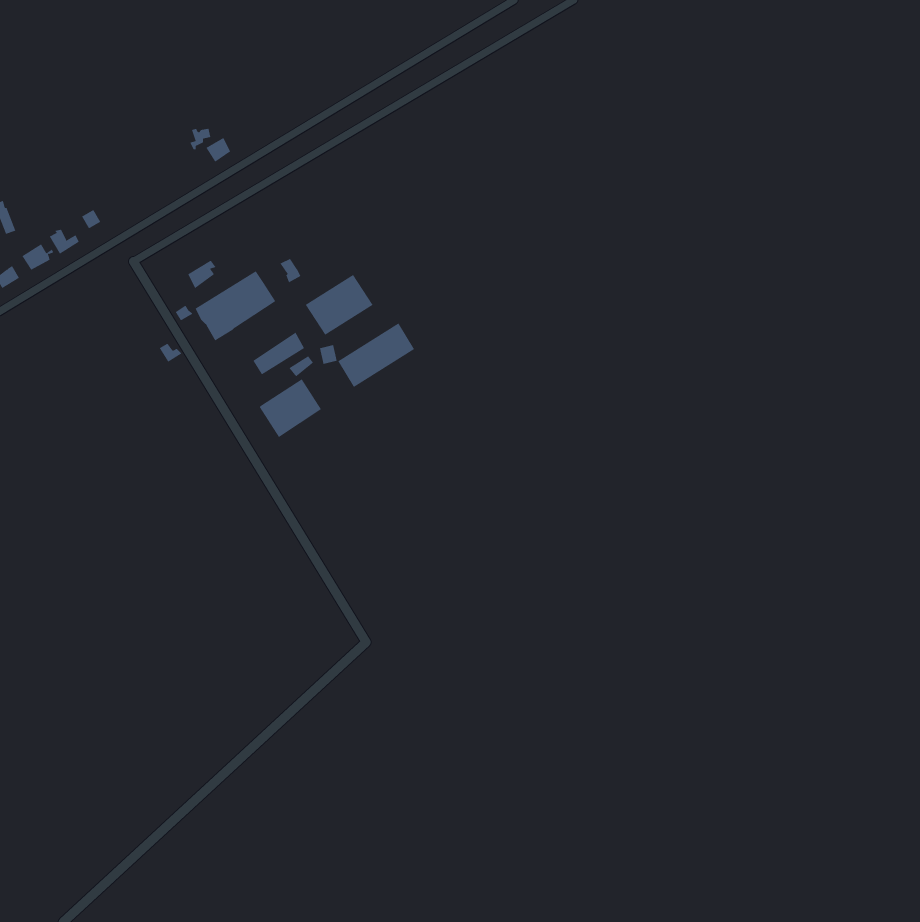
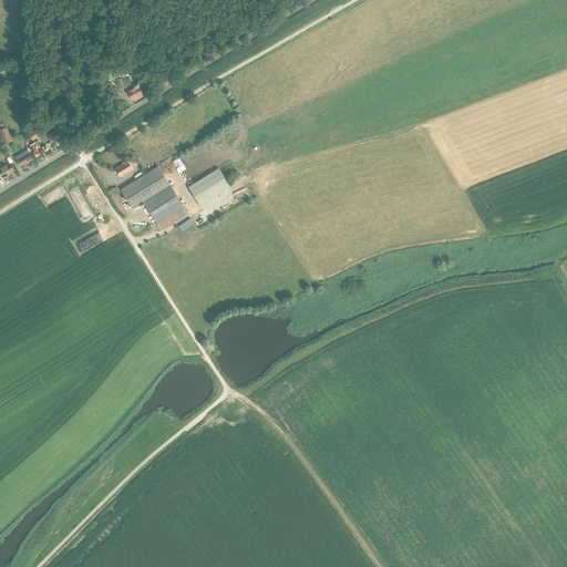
building: [337,322,415,388] -> none
building: [259,378,322,438] -> [143,185,182,221]

